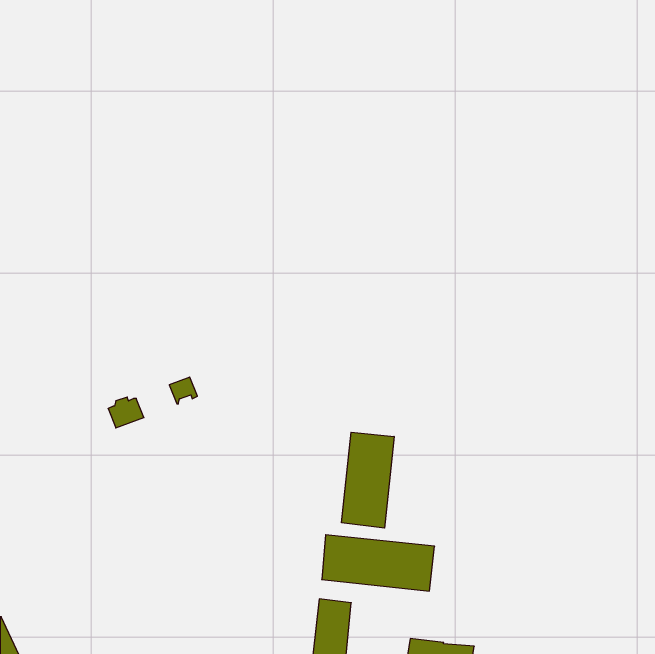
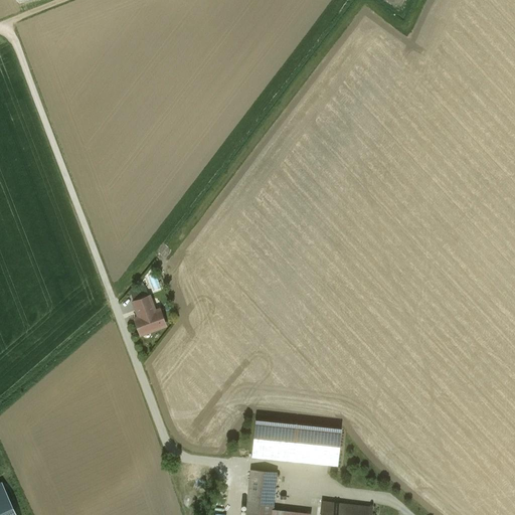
building: [108,397,144,428] -> [135,311,163,335]
building: [342,432,394,528] -> none

